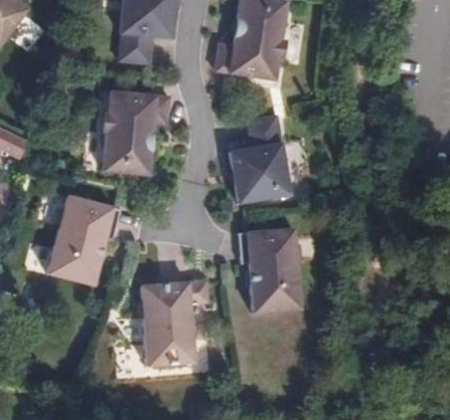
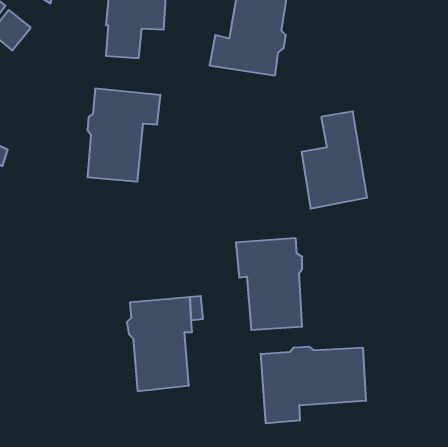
building: [230,112,290,201] -> [302,111,367,209]
building: [47,195,121,285] -> none
building: none -> [261,347,366,423]

